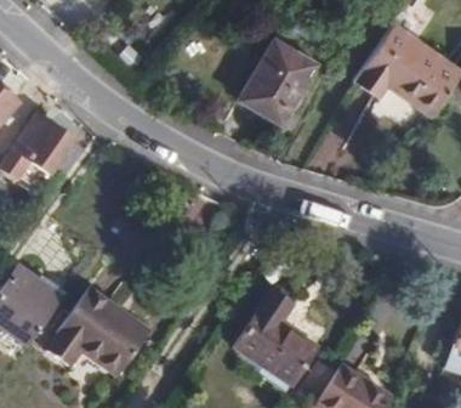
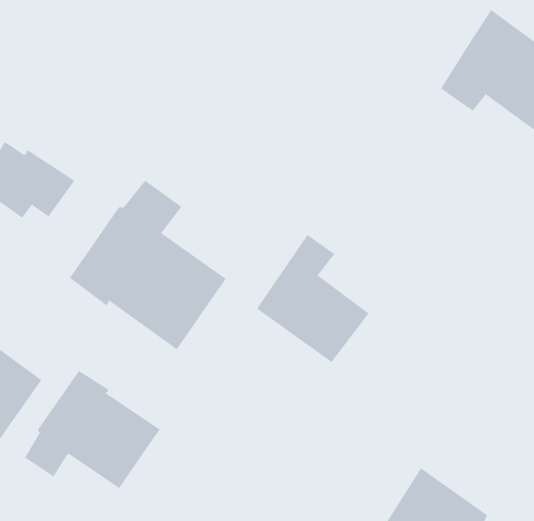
building: [241,38,315,121] -> none
building: none -> [69,180,226,350]
building: [232,290,315,385] -> [256,234,370,363]

